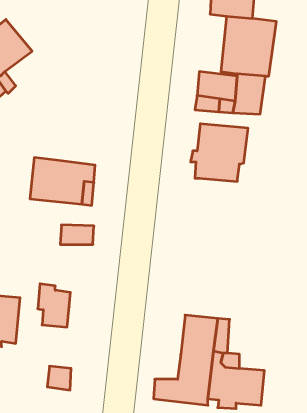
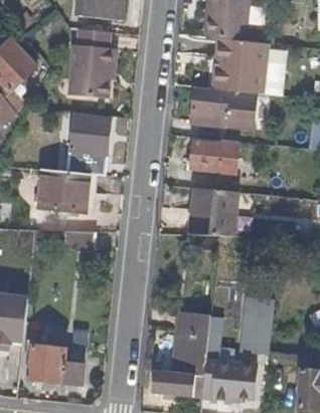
building: none -> [71,28,121,95]
building: none -> [66,114,110,175]
building: none -> [190,187,245,236]
building: [38,284,70,327] -> [26,340,56,380]
building: none -> [241,298,273,354]

